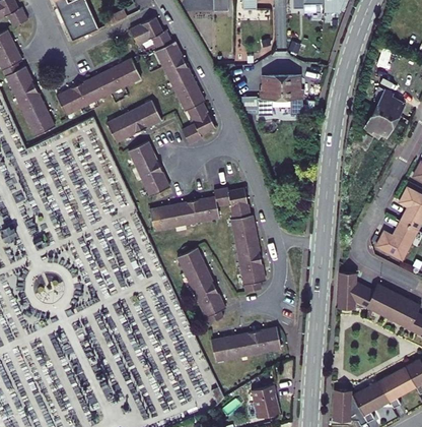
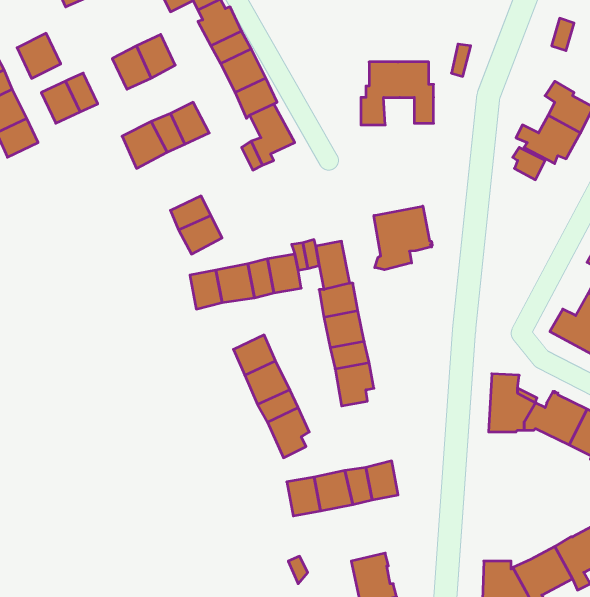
building: [82,73,110,102] -> [17,33,61,78]
building: [128,140,156,169] -> none
building: none -> [374,206,432,270]

